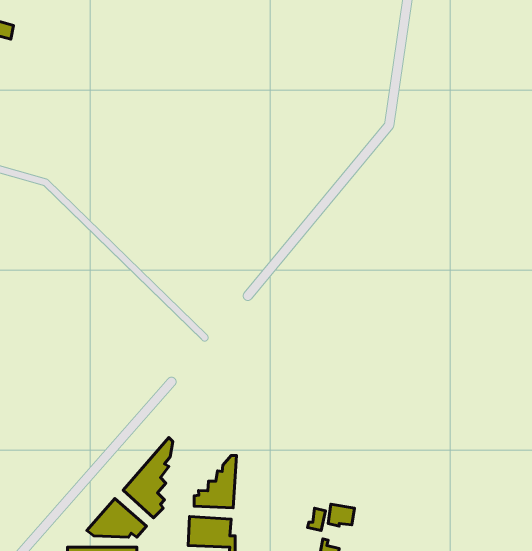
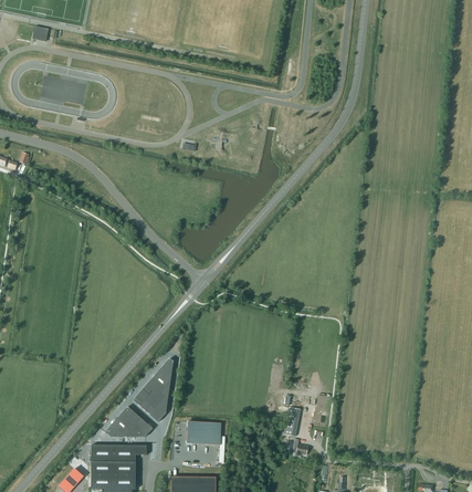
building: [194,455,237,508] -> none

